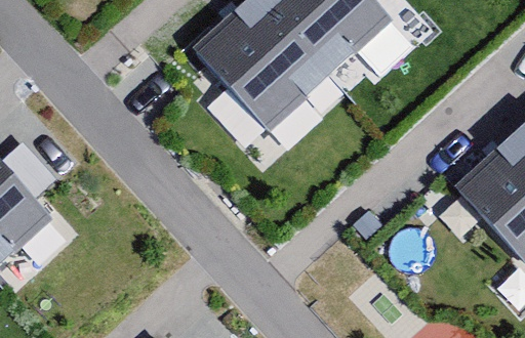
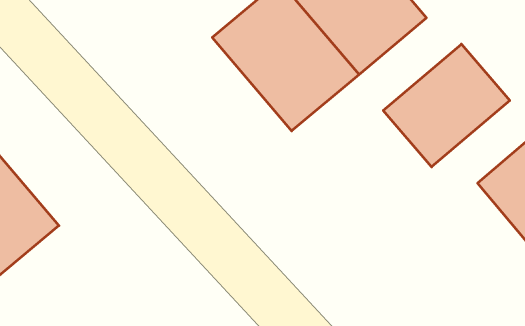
building: none -> [383,44,510,167]

